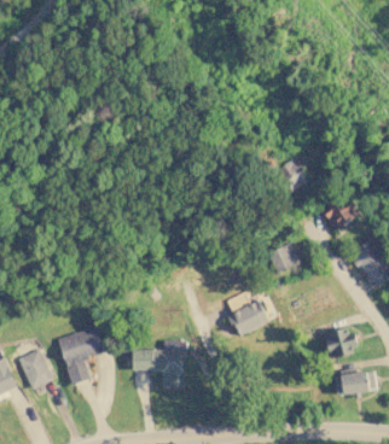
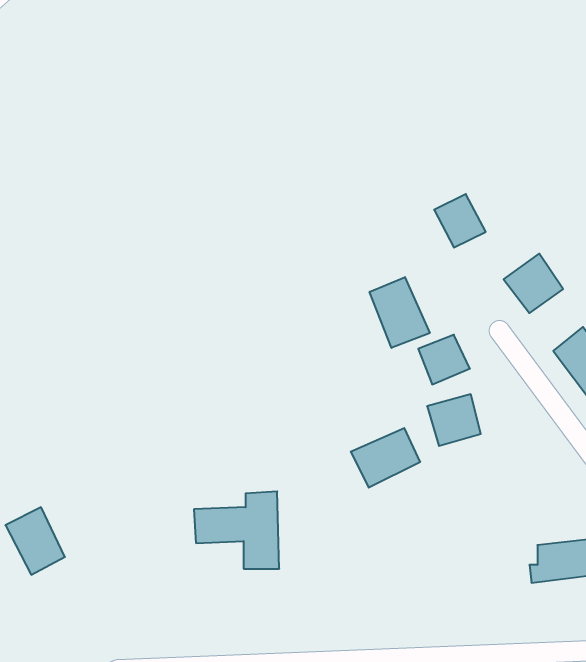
building: none -> [370,277,430,348]
building: [58,326,105,385] -> none
building: [324,326,356,357] -> [427,394,481,446]

